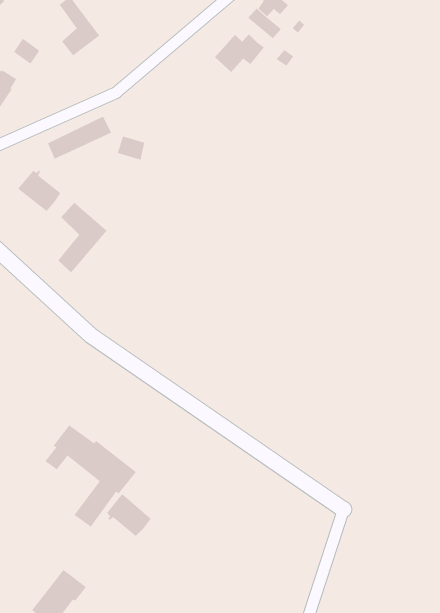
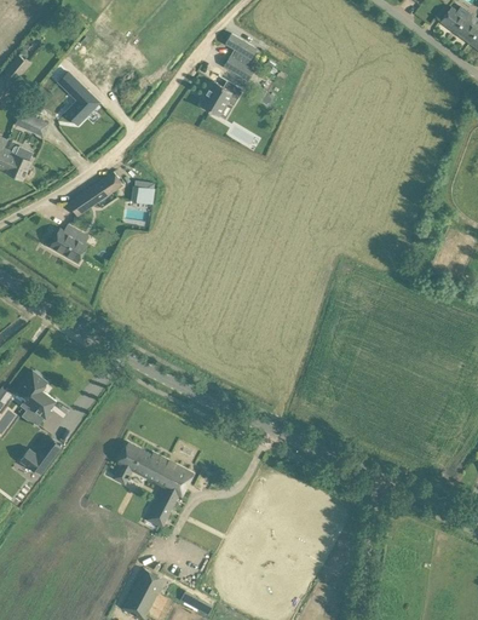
building: [58,202,108,273] -> none
building: [106,493,152,537] -> none

